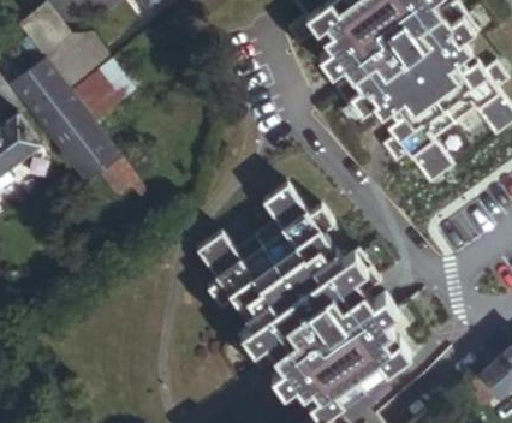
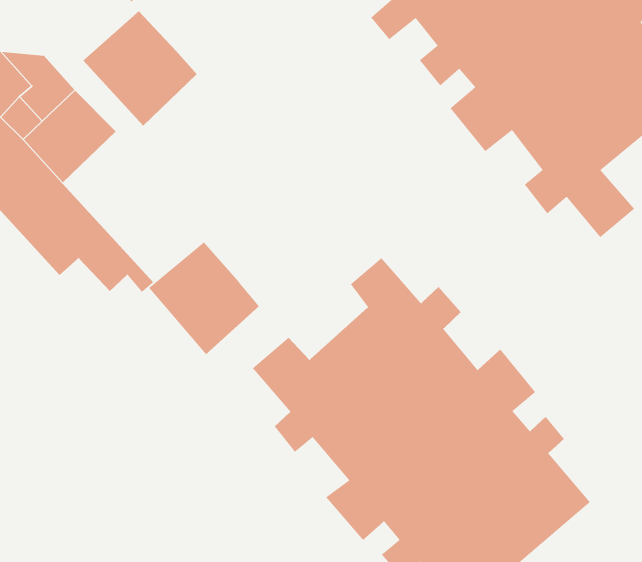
building: none -> [83,11,198,127]
building: none -> [148,241,260,355]

